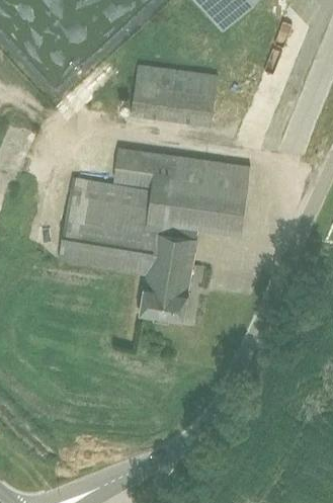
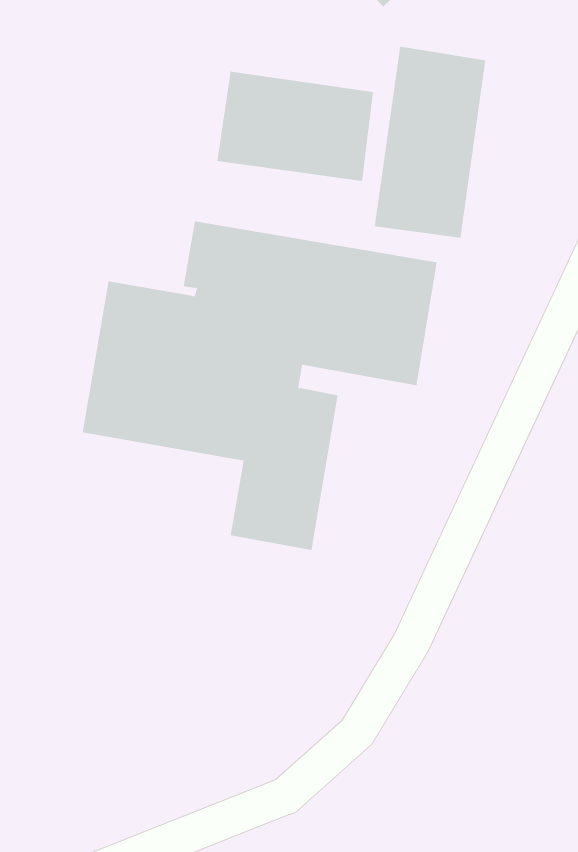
building: none -> [374,46,486,239]

